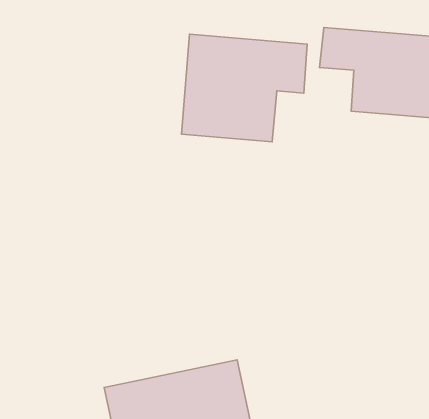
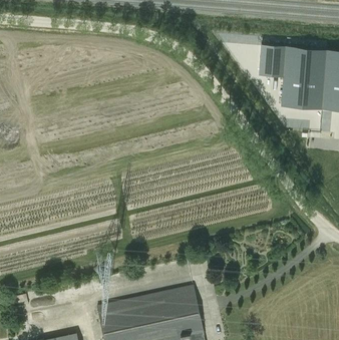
building: [181,34,307,142] -> none

